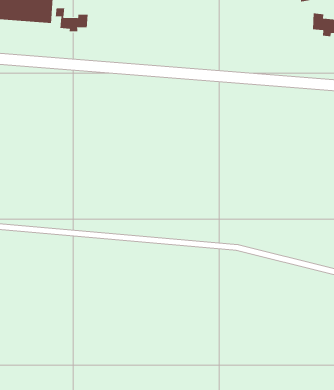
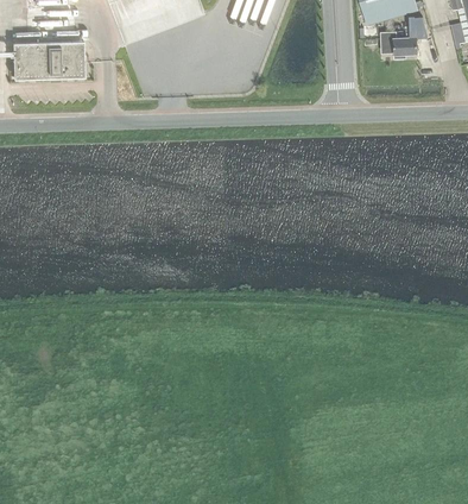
building: [55,7,88,32] -> none

